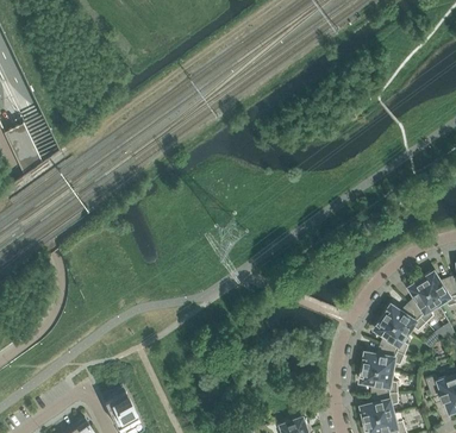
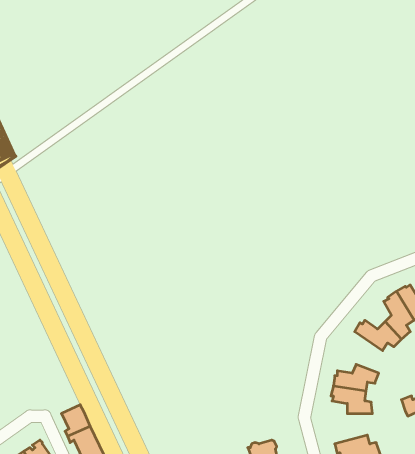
building: [374,315,407,354] -> none
building: [360,393,398,421] -> none

